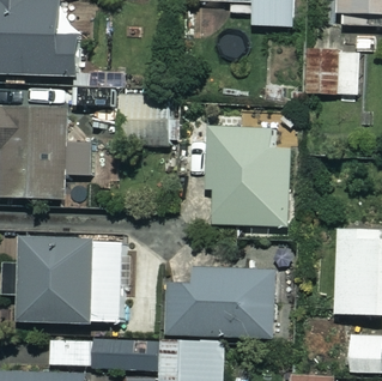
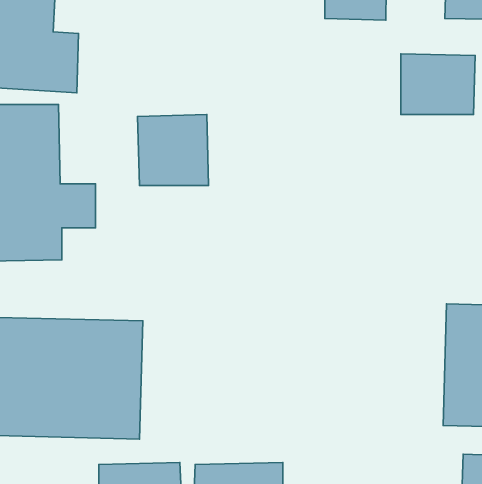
building: [205,123,290,225] -> none
building: [165,268,279,337] -> none

